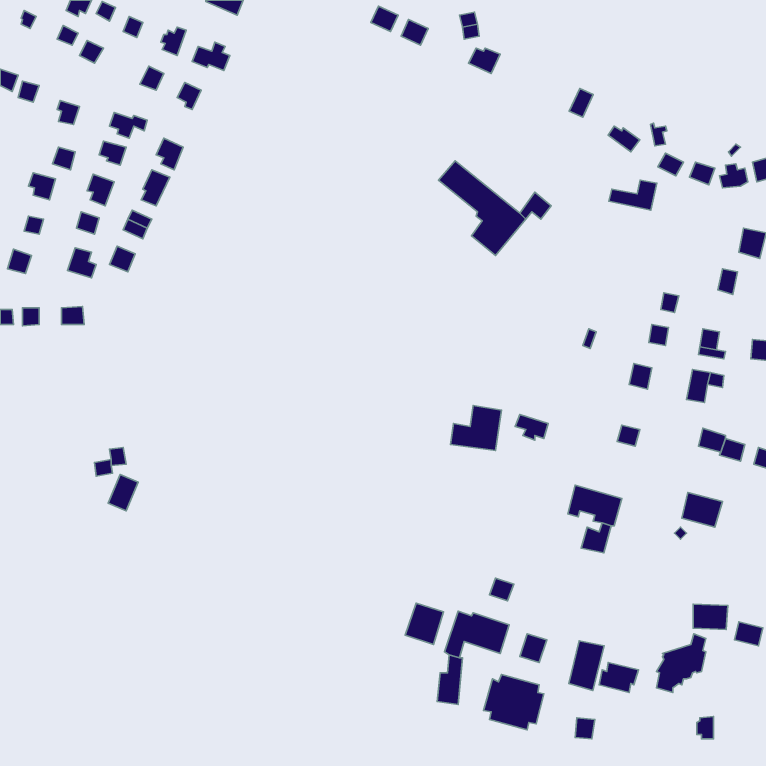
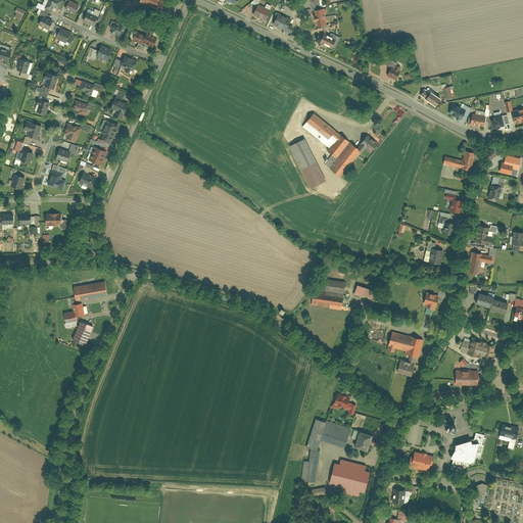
building: [609,180,657,210] -> [442,151,475,172]
building: none -> [286,136,324,187]
building: none -> [75,284,108,302]
building: [405,603,444,645] -> none
building: [693,604,728,630] -> [456,370,479,387]
building: [569,641,604,690] -> none

